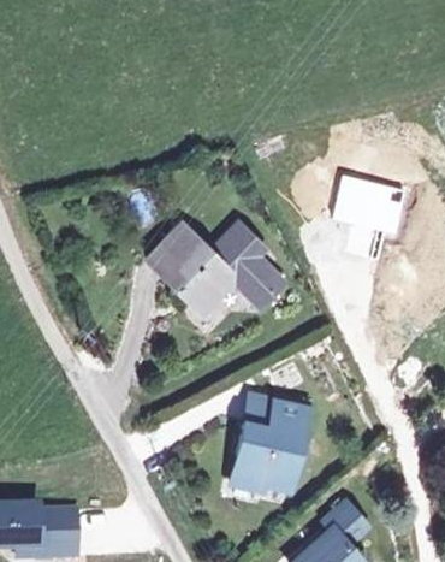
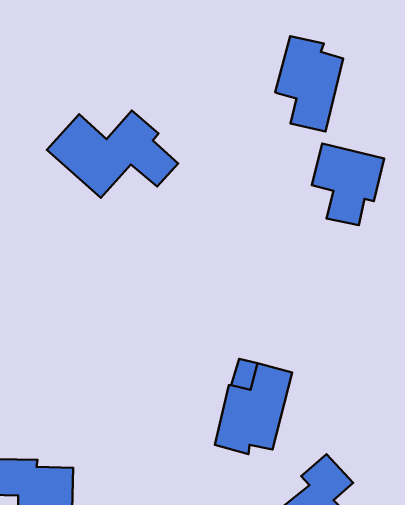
building: none -> [275,36,343,132]
building: [147,221,284,313] -> [47,111,178,198]

